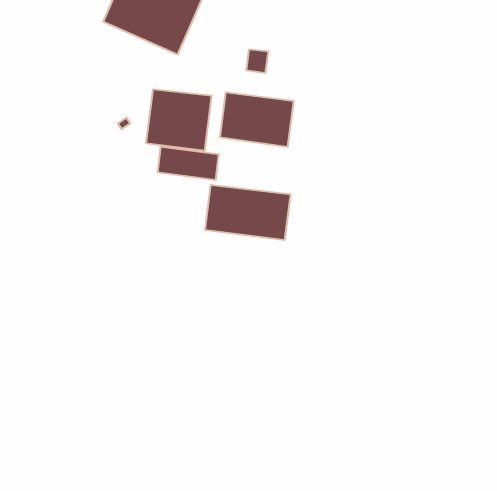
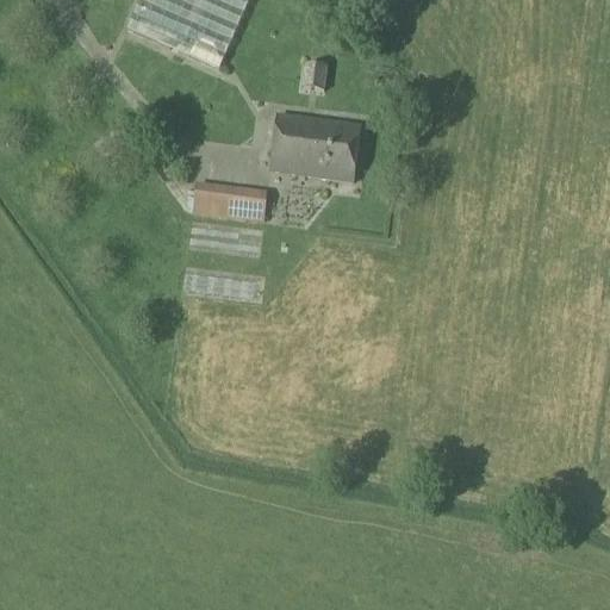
building: [146,89,212,151] -> none
building: [205,185,290,240] -> none

